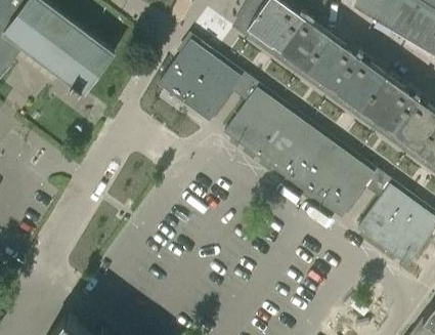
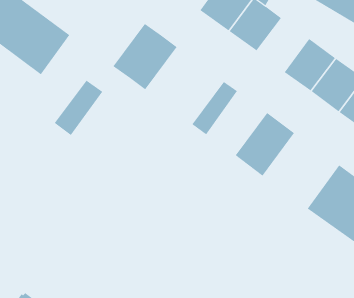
building: [304,36,357,91] -> none
building: [190,66,241,123] -> [54,80,103,136]
building: [223,89,270,144] -> none
building: [253,111,314,176] -> none
building: [310,154,373,219] -> none

